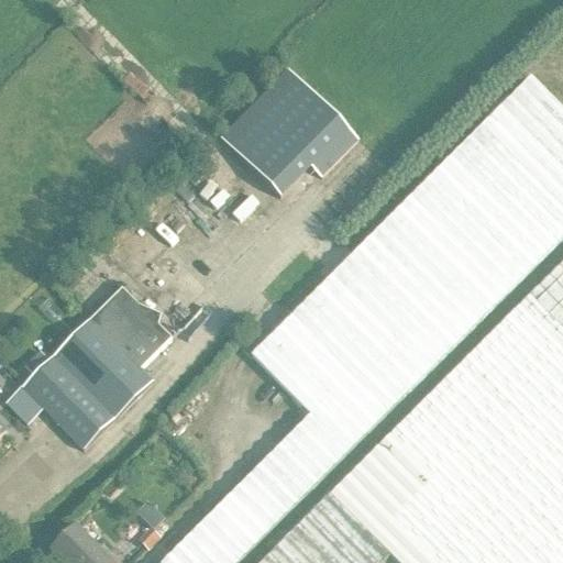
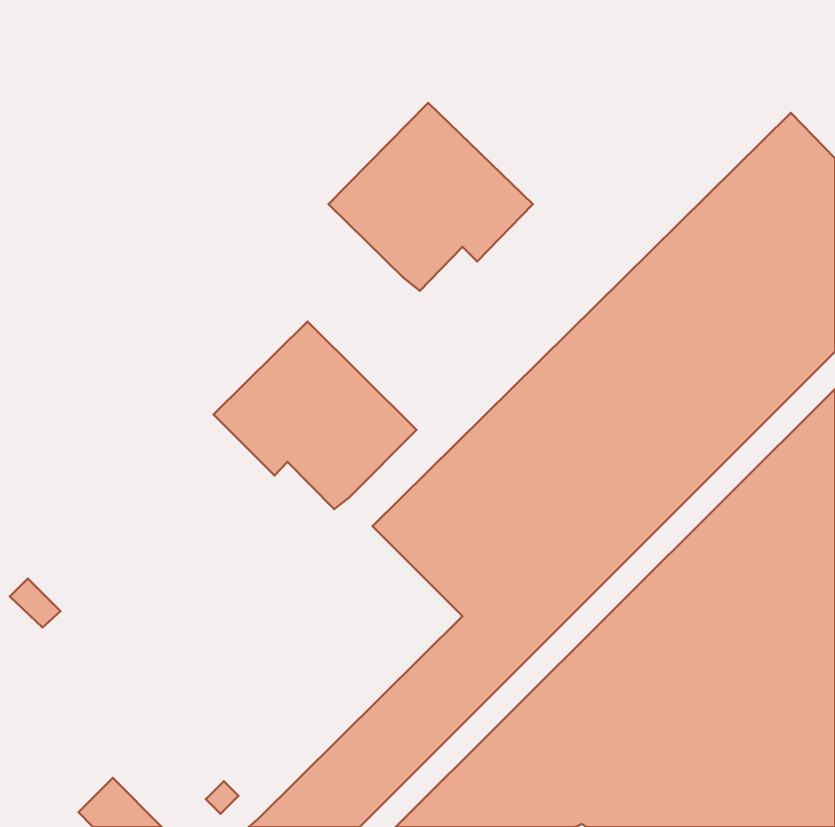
building: none -> [214,321,417,509]
building: [23,287,172,449] -> none

